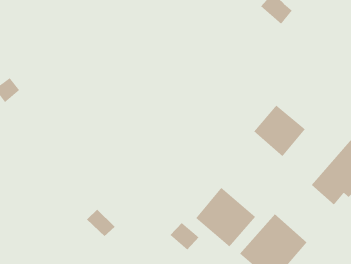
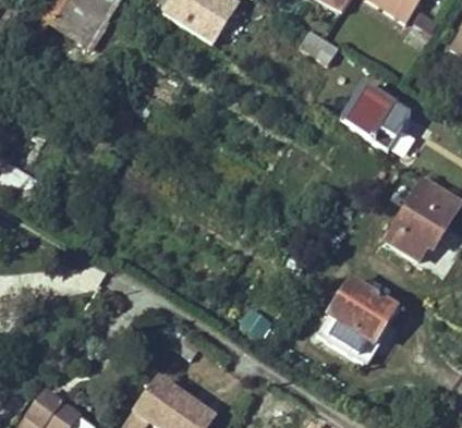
building: [253,105,306,157] -> [351,91,411,150]
building: [195,187,256,247] -> none

